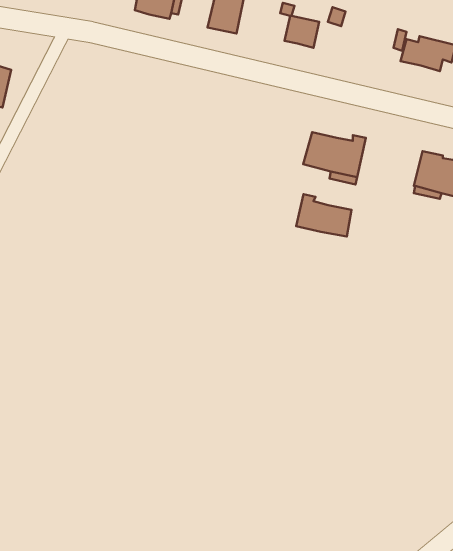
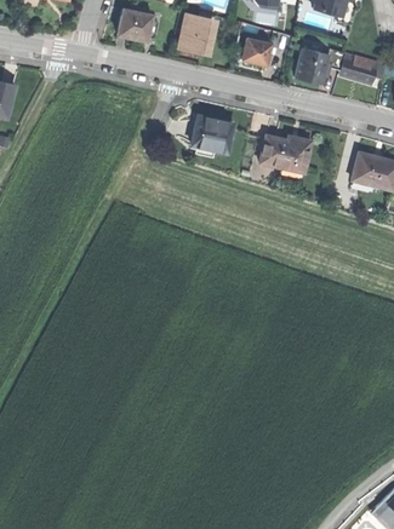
building: none -> [295,48,329,84]
building: none -> [192,119,233,153]
building: [296,194,351,237] -> none

